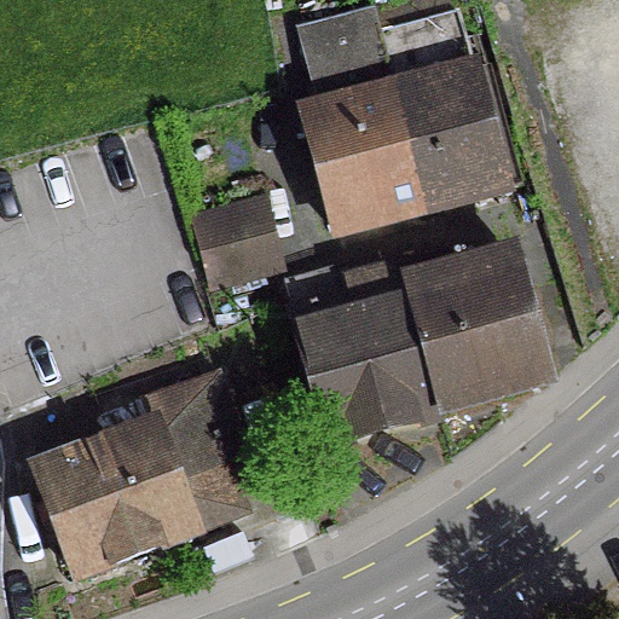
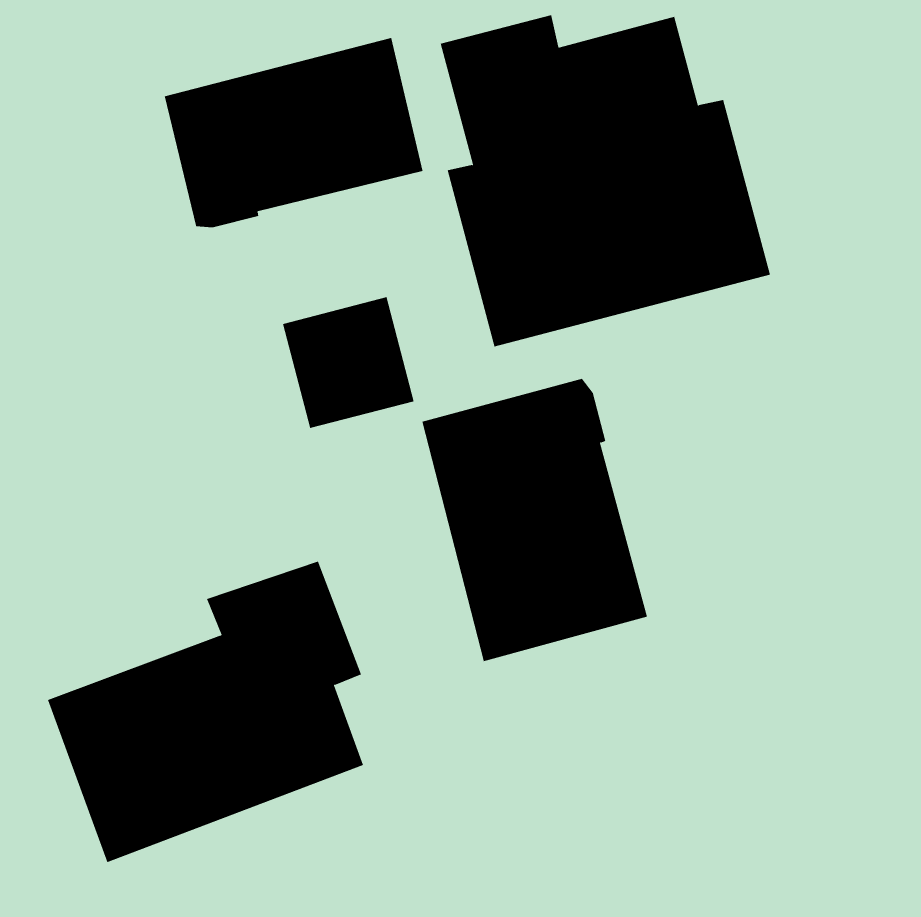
building: none -> [164,37,423,228]
building: [399,249,548,412] -> none

